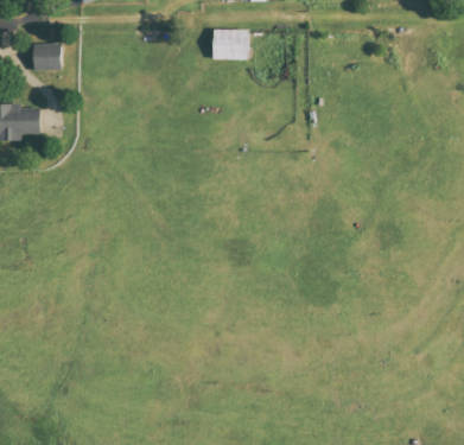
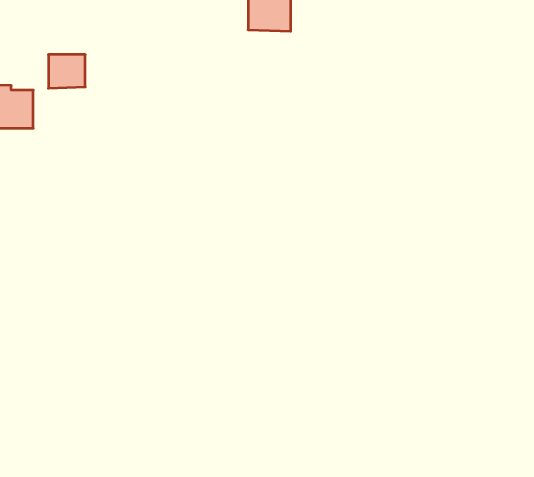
building: [32,43,62,70] -> [48,55,85,88]

